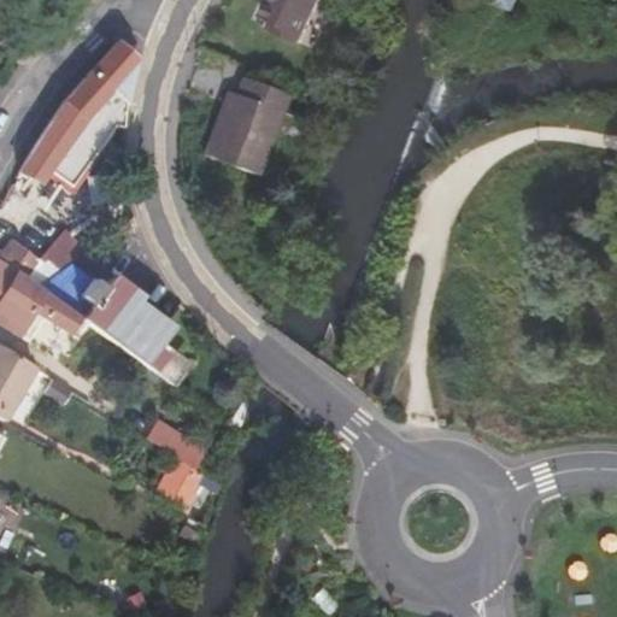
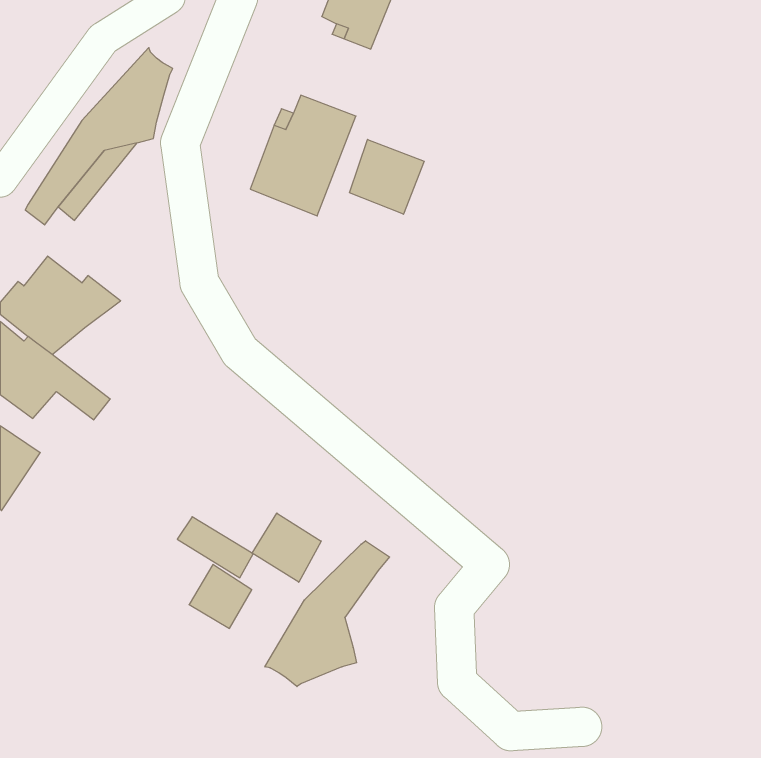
building: none -> [350,139,424,214]
building: [42,265,168,371] -> none
building: none -> [252,513,321,582]
building: none -> [265,541,390,687]

